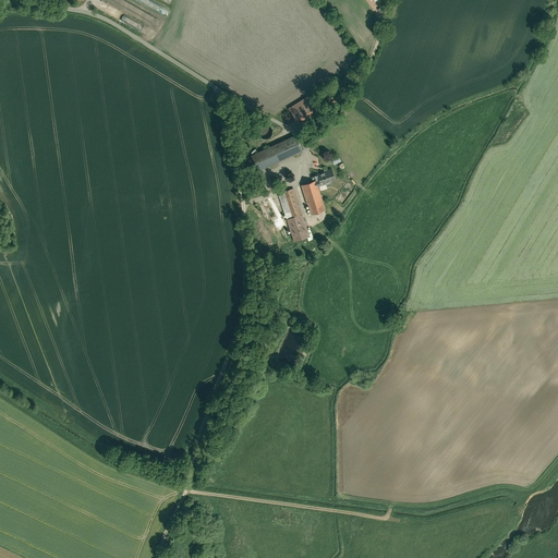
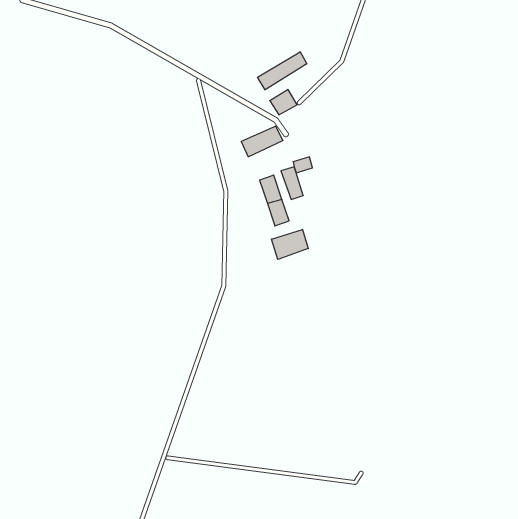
building: none -> [258,52,307,90]
building: none -> [271,229,308,259]

